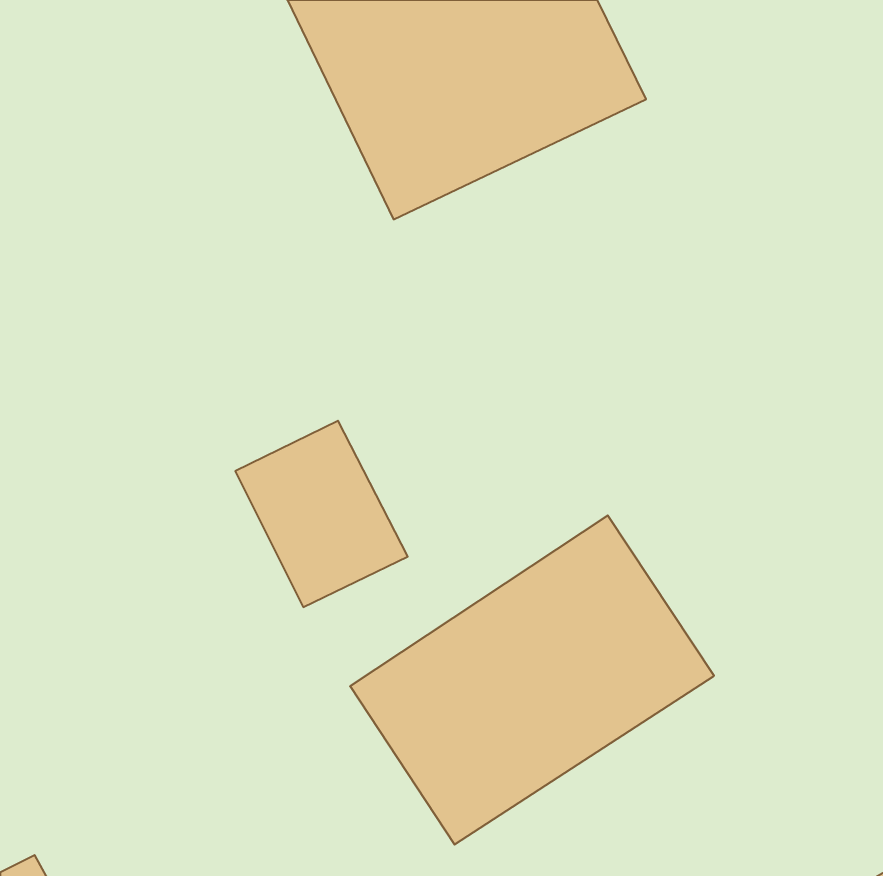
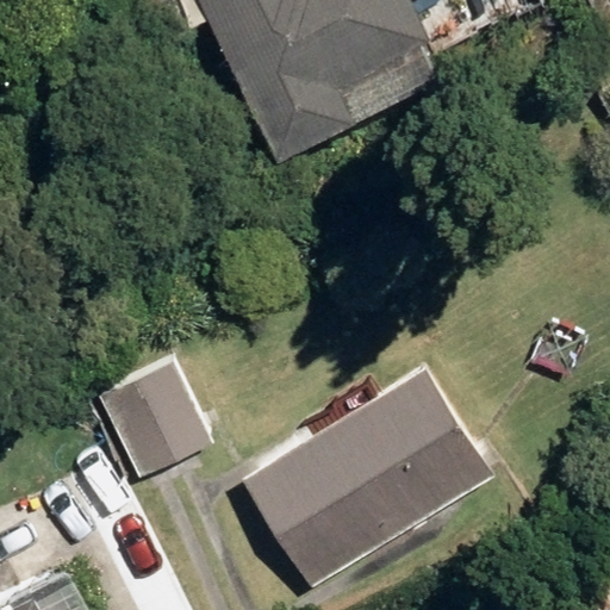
building: [235,421,408,607] -> [95,353,213,480]

